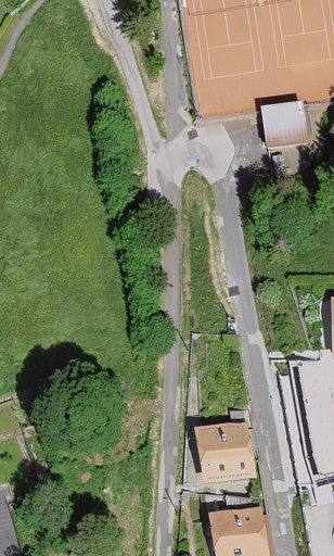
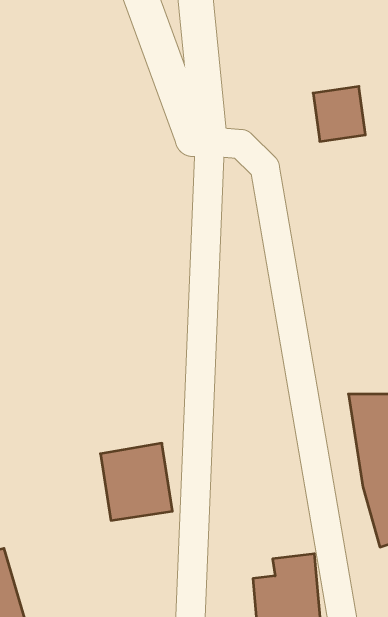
building: [194,419,254,483] -> [100,443,172,520]

